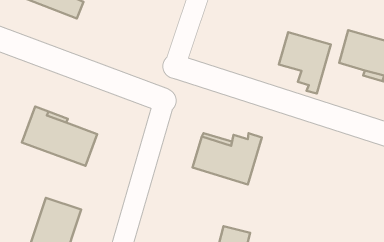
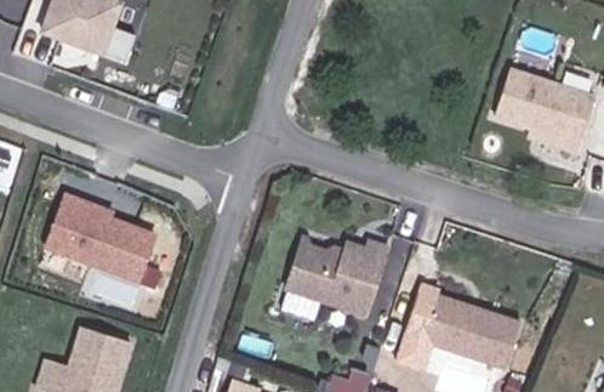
building: [279,32,331,94] -> none
building: none -> [399,286,522,369]

